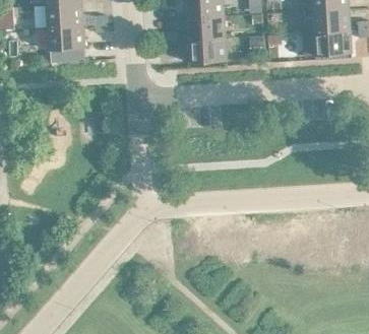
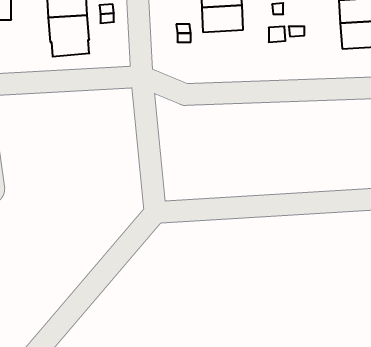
building: [188,37,226,62] -> none

